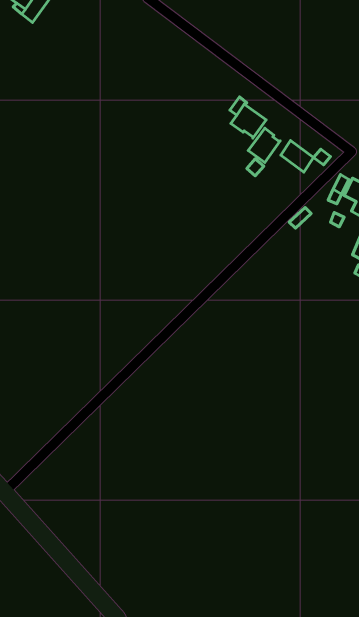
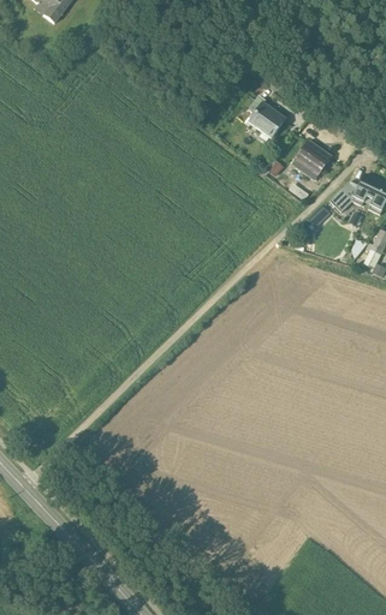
building: [248,128,280,162] -> none

